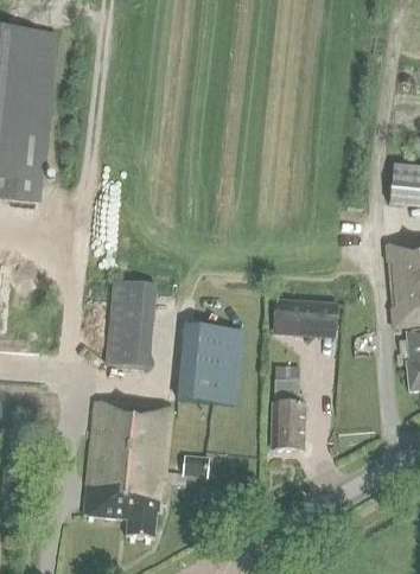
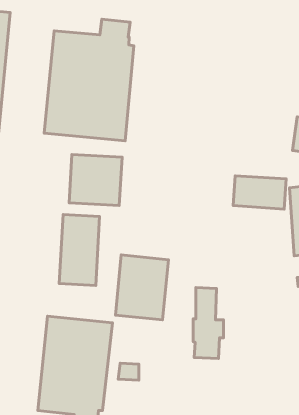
building: none -> [44,19,134,141]
building: none -> [69,154,122,205]
building: [273,299,337,339] -> [233,176,286,209]

